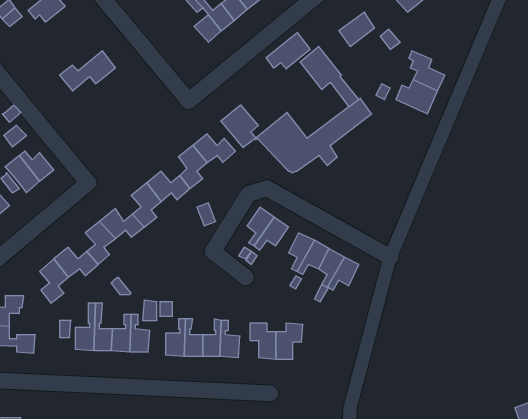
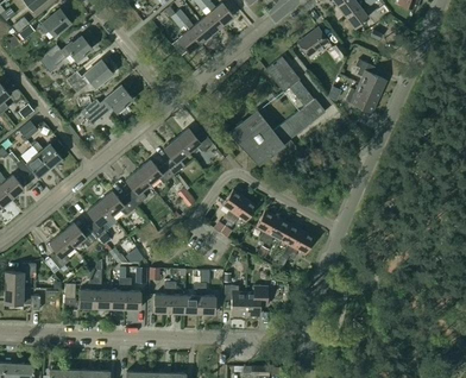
building: none -> [38,36,92,69]
building: [266,33,310,69] -> none
building: none -> [81,84,132,124]
building: [221,105,258,148] -> none

